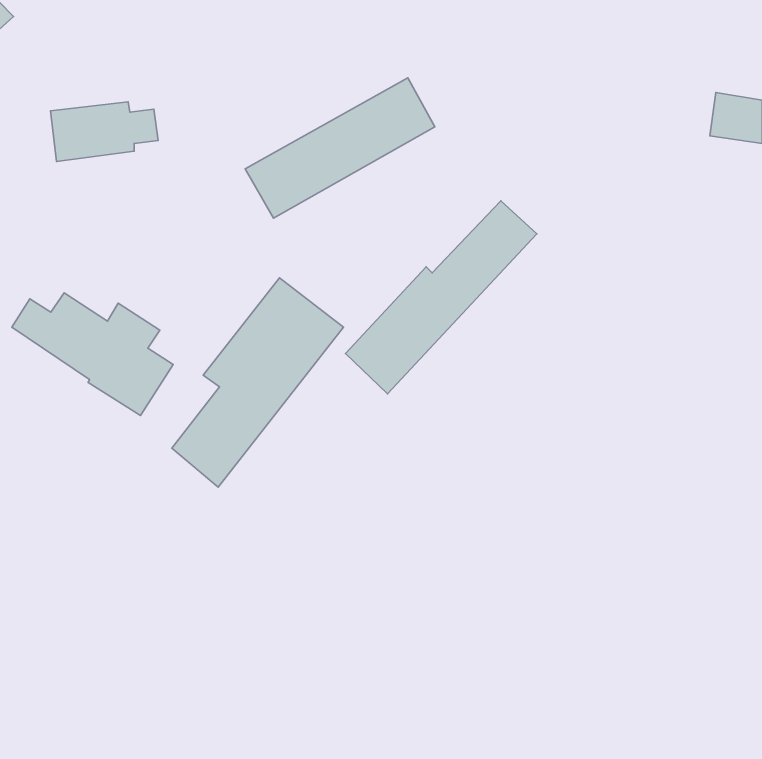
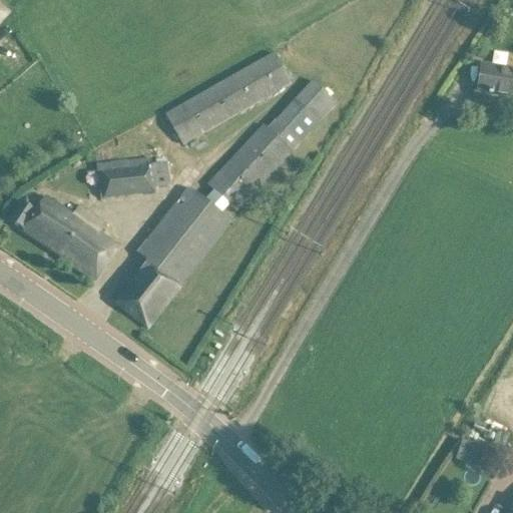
building: [51,102,158,161] -> [97,153,169,193]
building: [346,201,537,394] -> [206,81,335,210]

